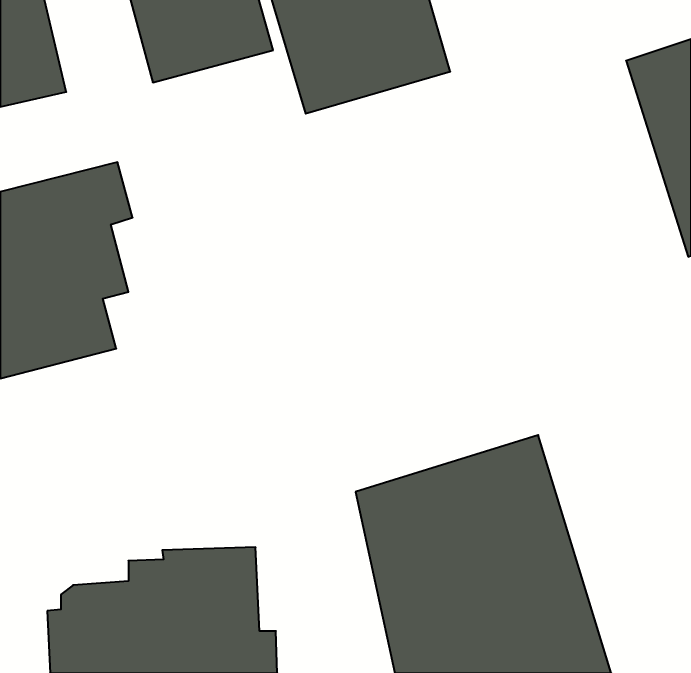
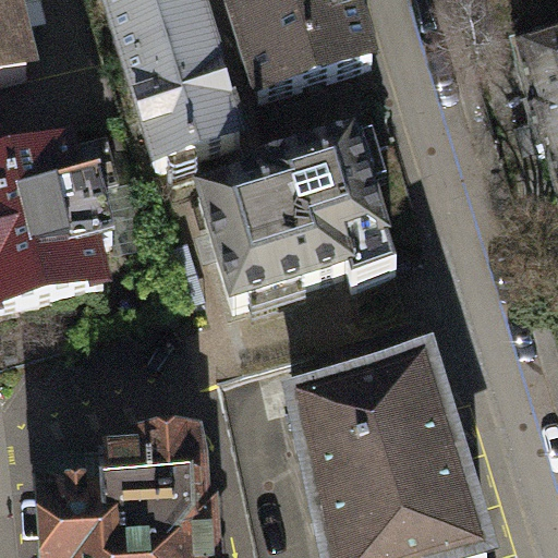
building: none -> [123,40,245,158]
building: none -> [197,135,404,316]

